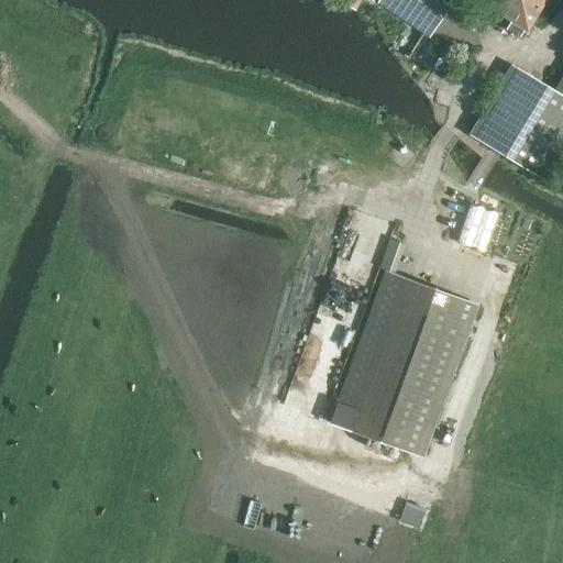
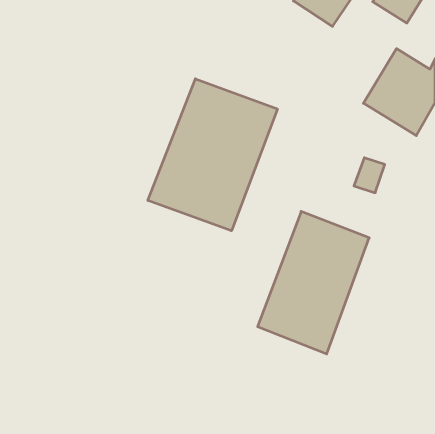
building: none -> [148,79,277,231]

